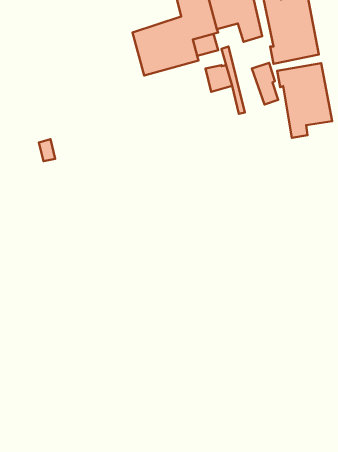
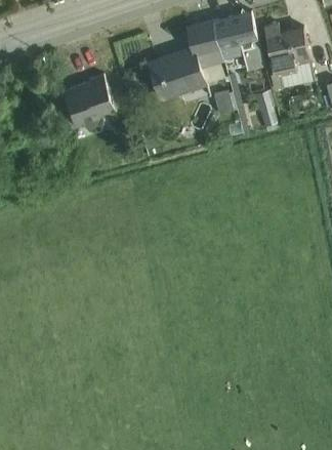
building: none -> [60,74,116,131]
building: [277,63,332,138] -> none

